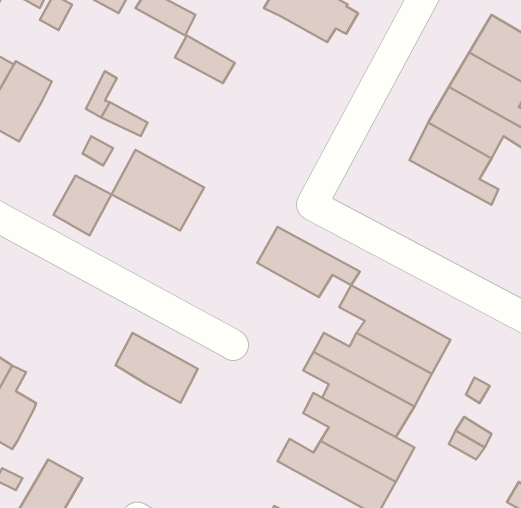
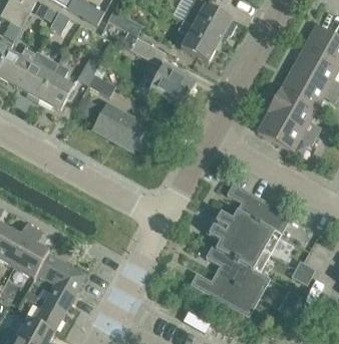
building: none -> [179,20,220,61]
building: none -> [149,65,196,107]
building: [53,176,112,235] -> [39,75,73,110]
building: [257,227,360,297] -> [256,109,316,150]
building: [116,333,198,403] -> [38,255,86,296]

